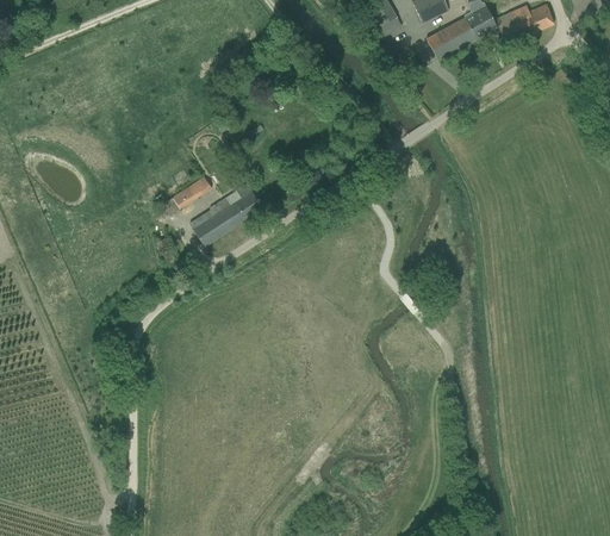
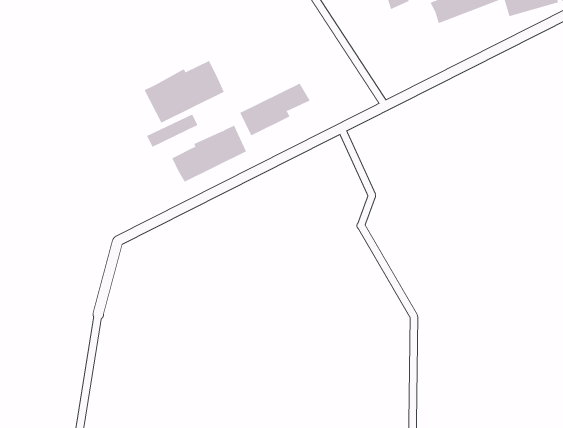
building: none -> [144,60,224,123]
building: none -> [240,83,311,136]

